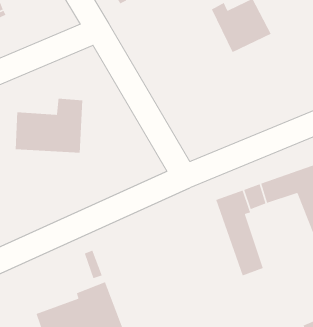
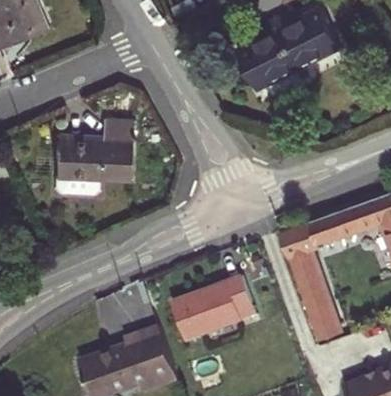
building: none -> [237,21,298,91]
building: none -> [172,276,257,338]
building: none -> [309,310,343,350]

